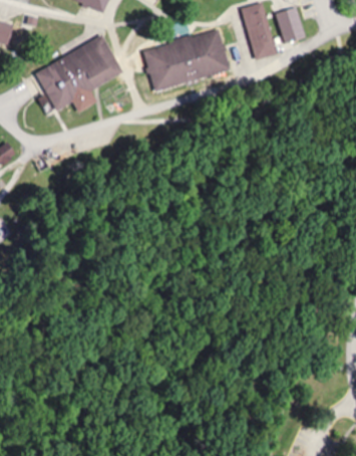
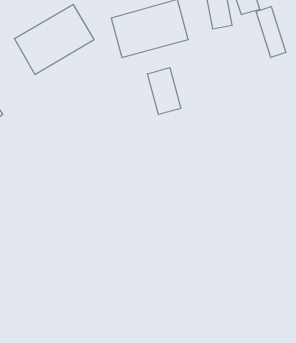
building: none -> [256,6,286,58]
building: none -> [147,68,181,115]

